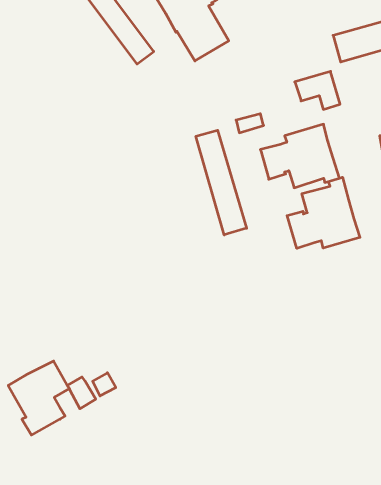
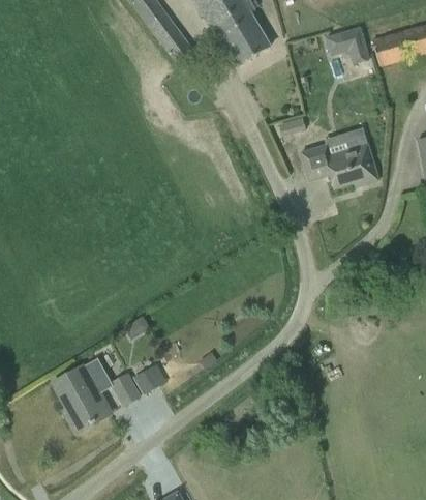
building: [295,71,340,109] -> [325,26,369,63]
building: [196,130,247,235] -> none
building: [287,177,360,248] -> none

